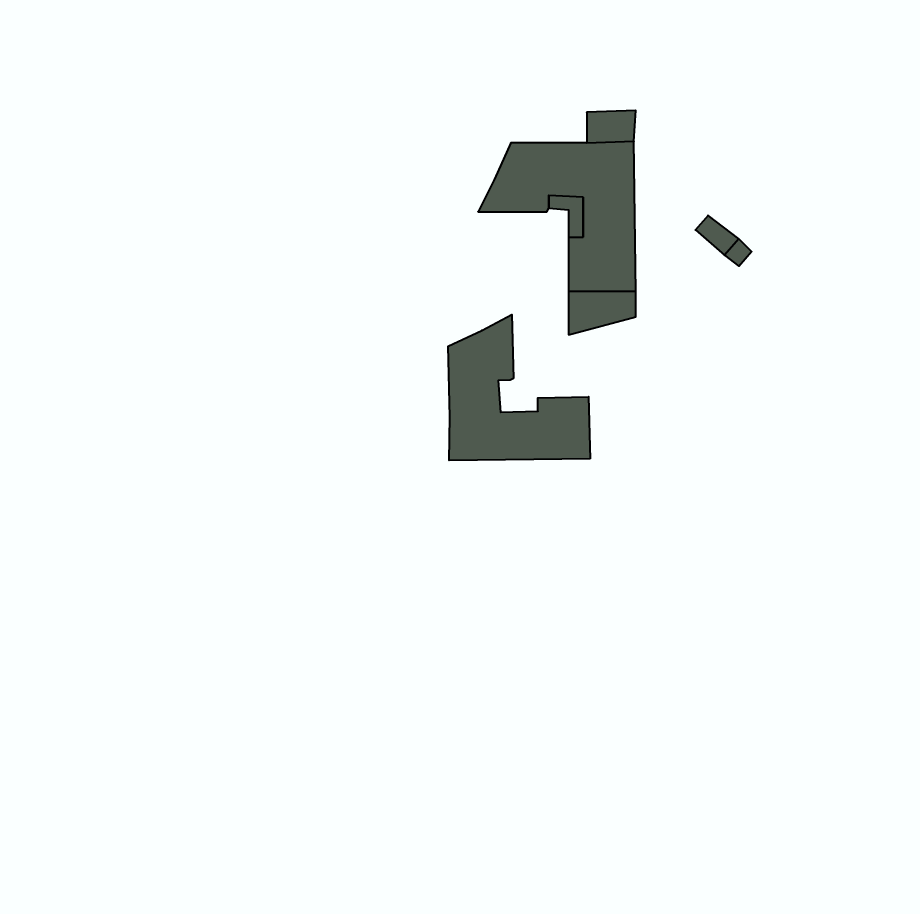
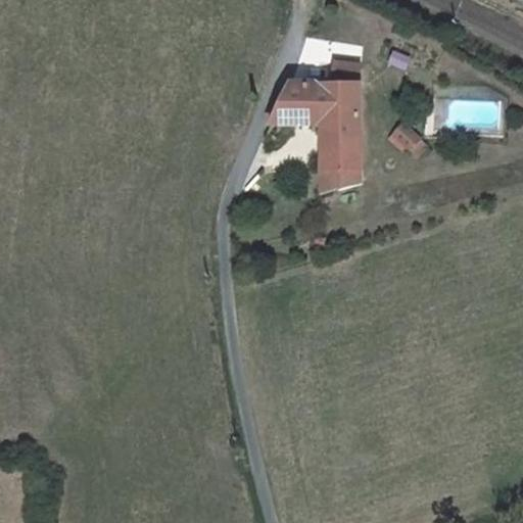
building: [448,315,590,460] -> none

